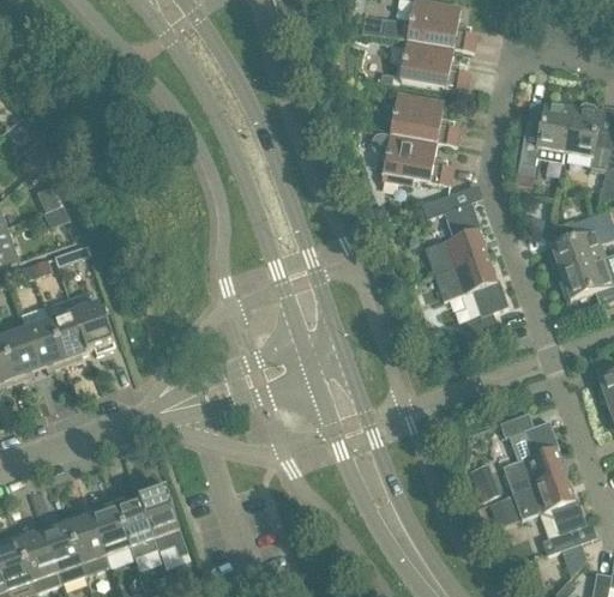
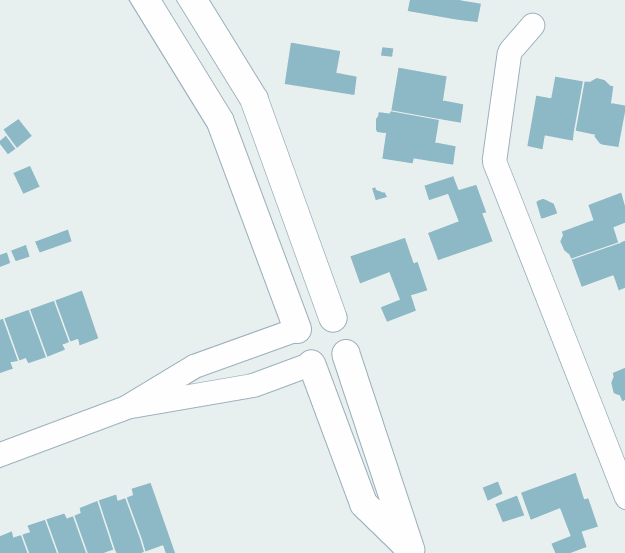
building: [399,40,469,90] -> [284,42,358,96]
building: [434,257,508,337] -> [349,237,428,322]
building: [499,412,565,493] -> none

